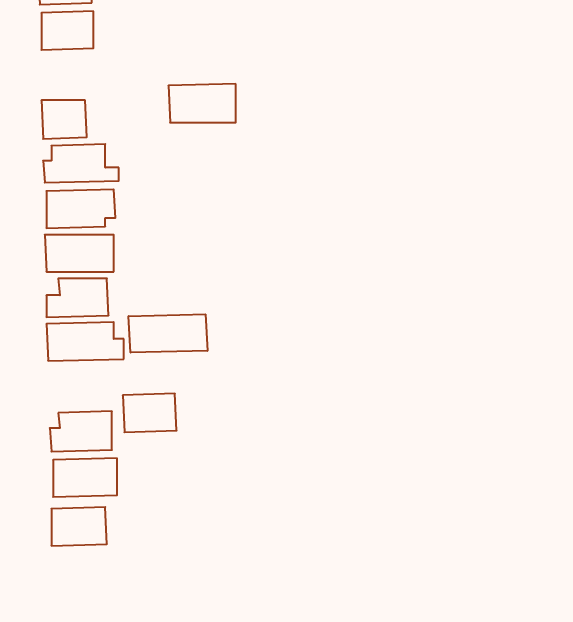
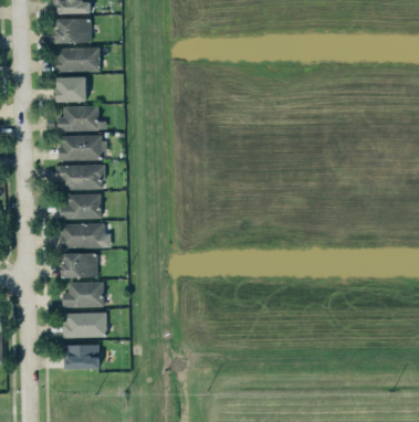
building: [168,84,236,123] -> [55,46,99,72]
building: [129,314,207,353] -> none
building: [123,394,177,432] -> [62,252,97,277]

